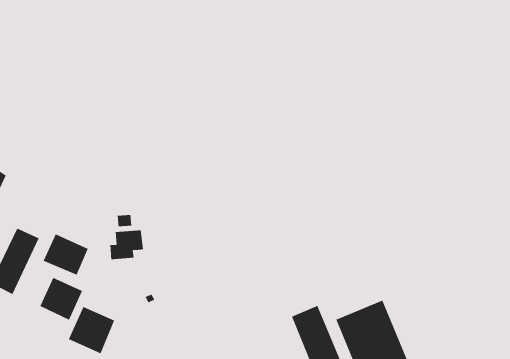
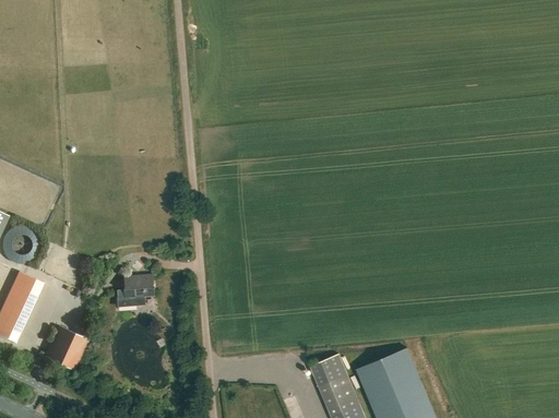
building: [43,234,89,276] -> none
building: [68,306,115,354] -> none

